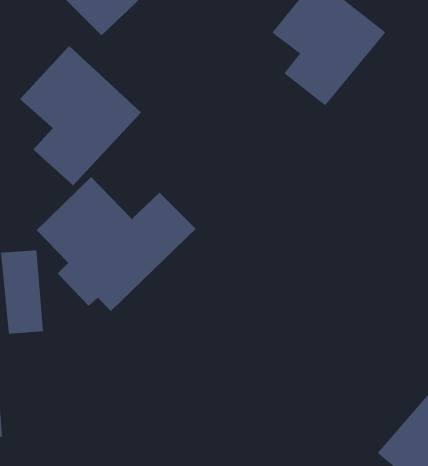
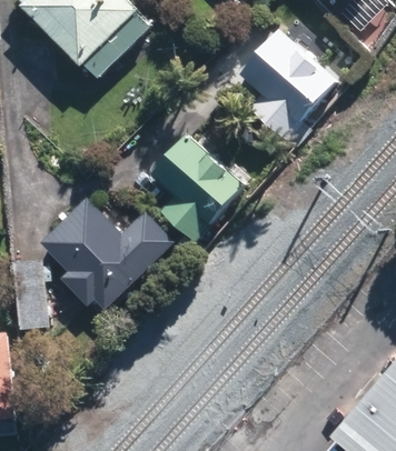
building: [19,45,142,186] -> [146,122,249,241]

